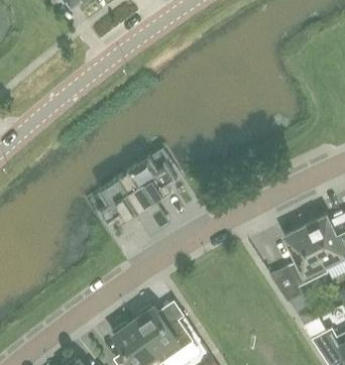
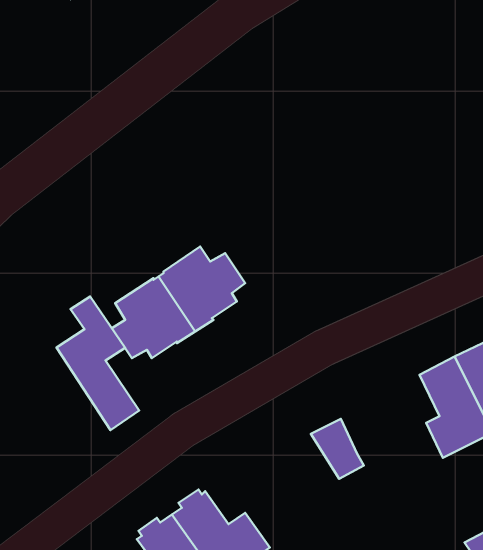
building: none -> [57,297,139,430]
building: [270,265,303,301] -> [311,419,364,479]

